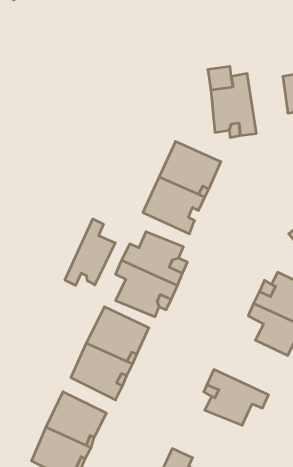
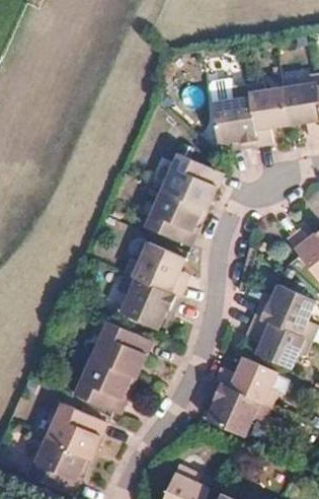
building: none -> [249,83,290,145]
building: [65,219,115,285] -> none
building: none -> [216,356,278,407]

